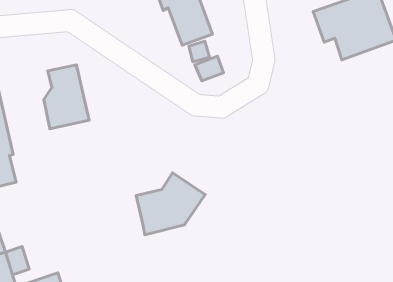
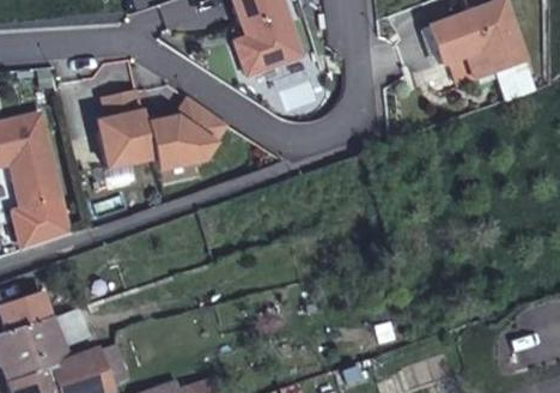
building: [136,173,205,235] -> [145,95,229,170]

